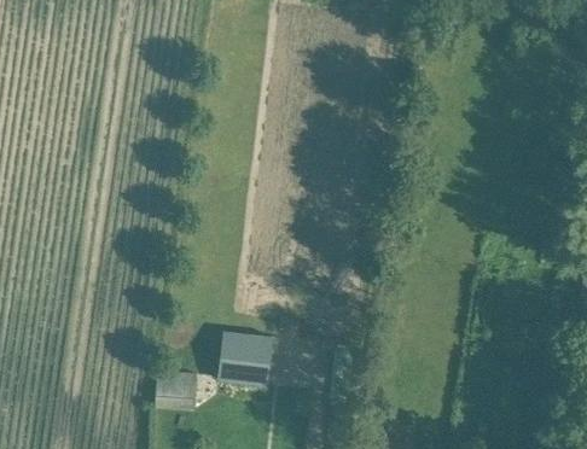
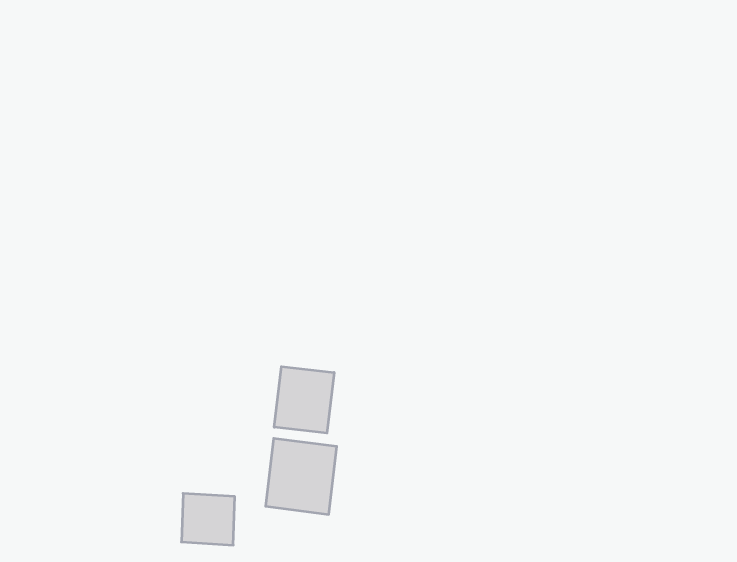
building: none -> [274,367,334,433]

